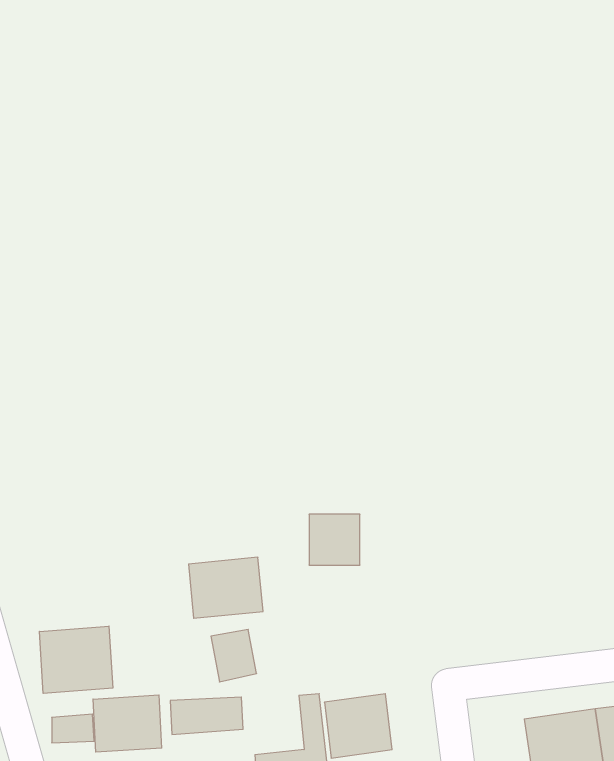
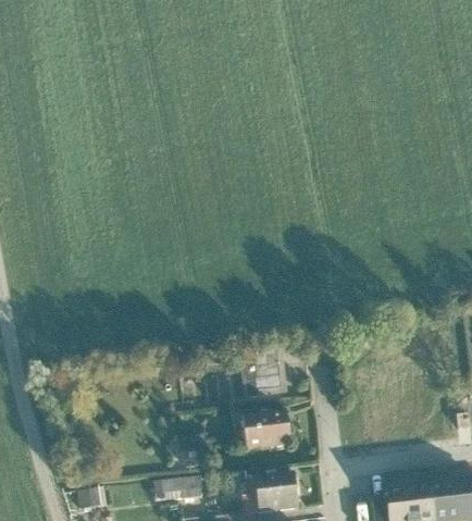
building: [189,557,263,618] -> [244,413,291,452]
building: [39,626,113,693] -> none
building: [93,695,162,752] -> none

